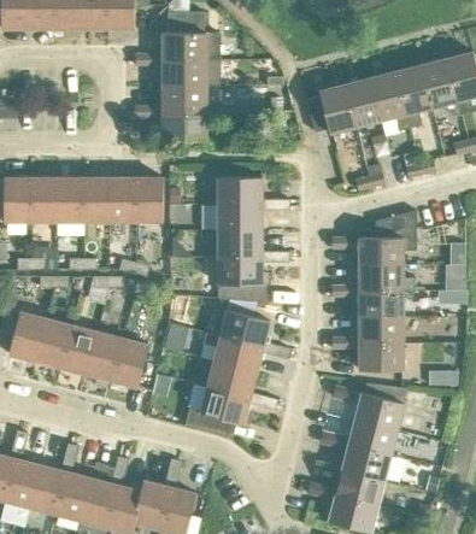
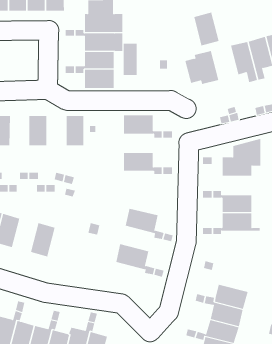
building: none -> [123,43,137,76]
building: [343,78,381,128] -> [193,12,219,46]
building: [55,178,82,222] -> none
building: [108,178,135,222] -> none
building: [217,205,260,231] -> none
building: [217,258,260,303] -> none
building: [358,265,415,292] -> none
building: [59,325,95,374] -> none
building: [202,333,261,372] -> none
building: [110,339,147,387] -> none
building: [358,344,413,371] -> none
building: [353,383,406,430] -> none
building: [183,388,248,436] -> none

